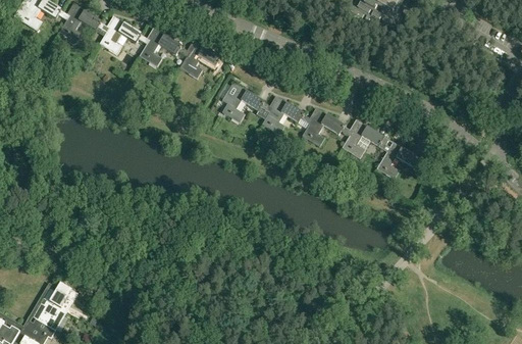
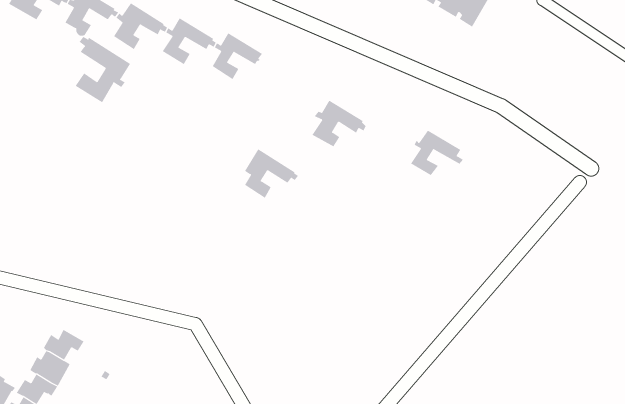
building: none -> [75,36,131,103]
building: [221,81,266,121] -> [244,149,299,198]
building: [302,106,347,144] -> none
building: [376,141,418,178] -> none

